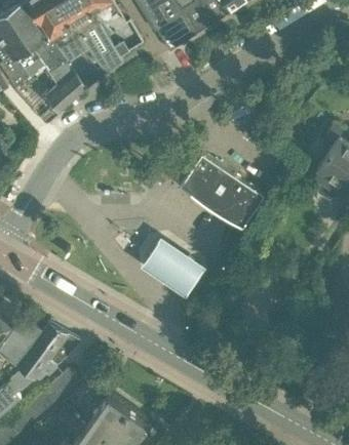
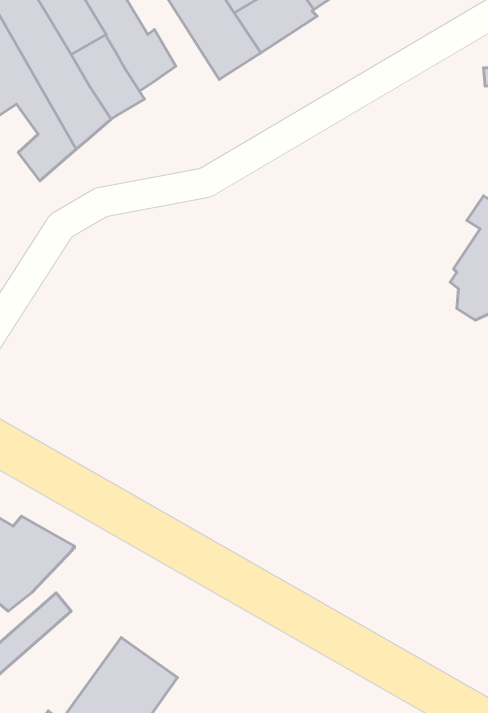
building: [180,154,265,228] -> none
building: [142,235,206,293] -> none

